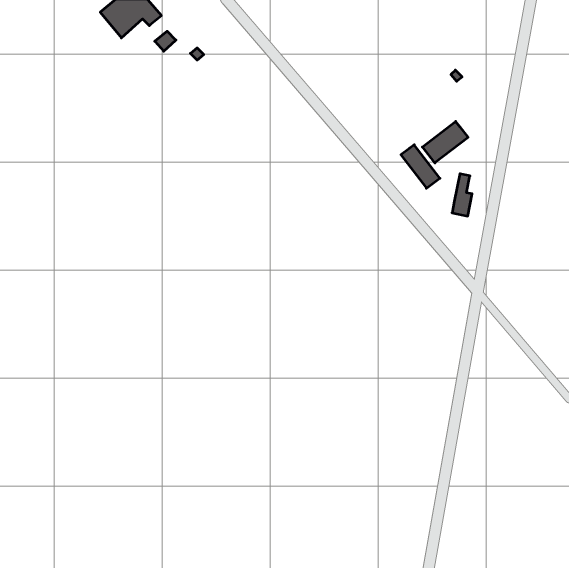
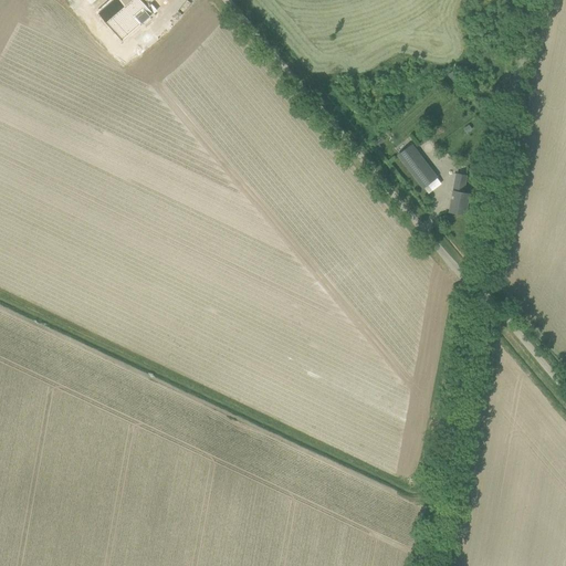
building: [422,121,468,163] -> none

